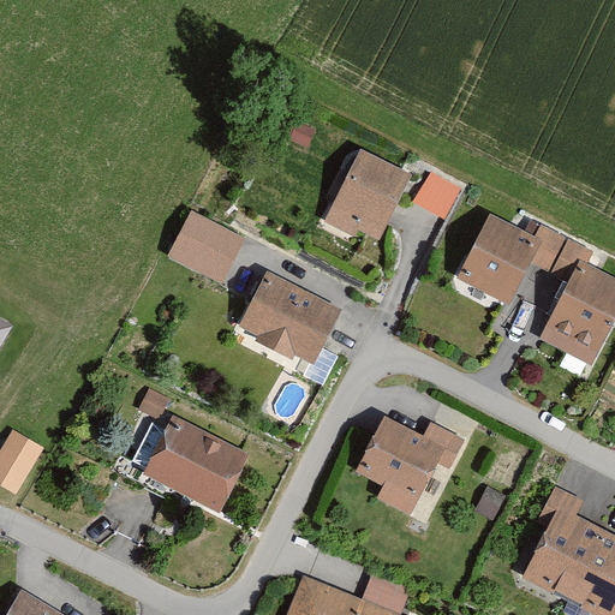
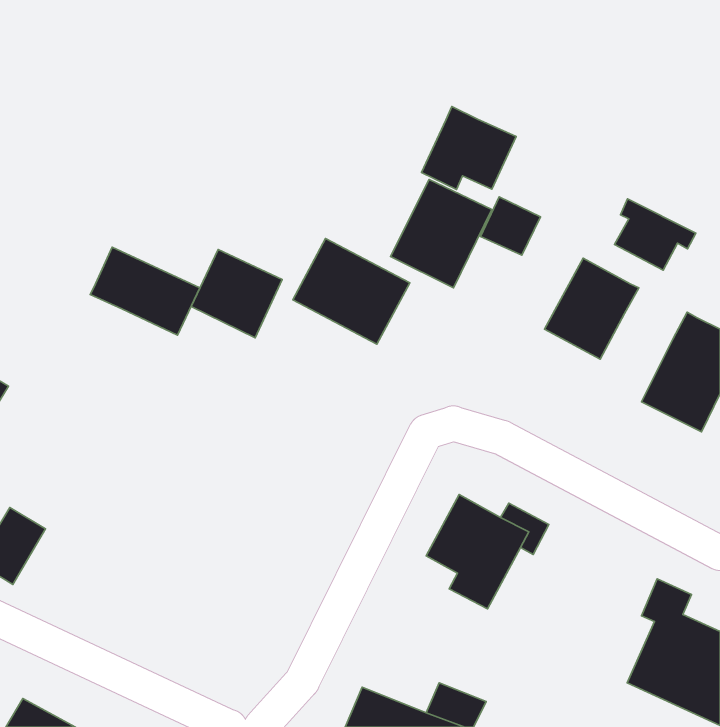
building: none -> [421,107,516,189]
building: none -> [90,247,200,335]
building: [526,226,595,286] -> [615,199,696,270]
building: [241,273,340,362] -> [293,239,410,344]
building: [145,417,252,513] -> none

